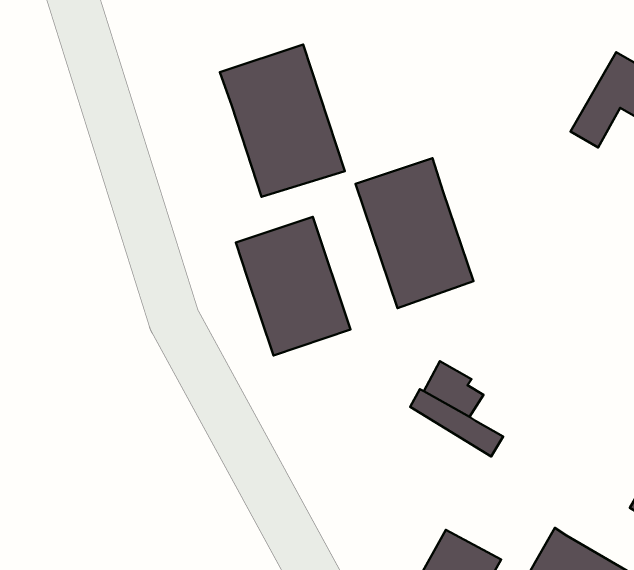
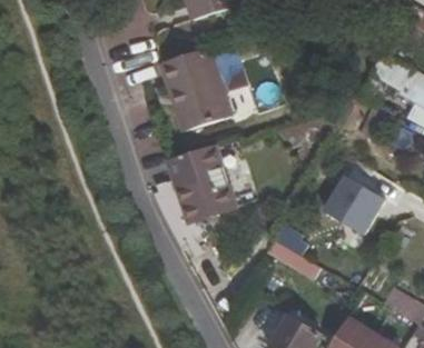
building: [356,158,473,308] -> none
building: none -> [325,176,386,235]

